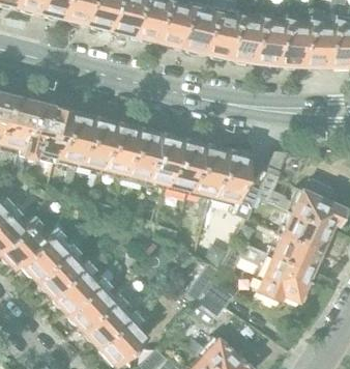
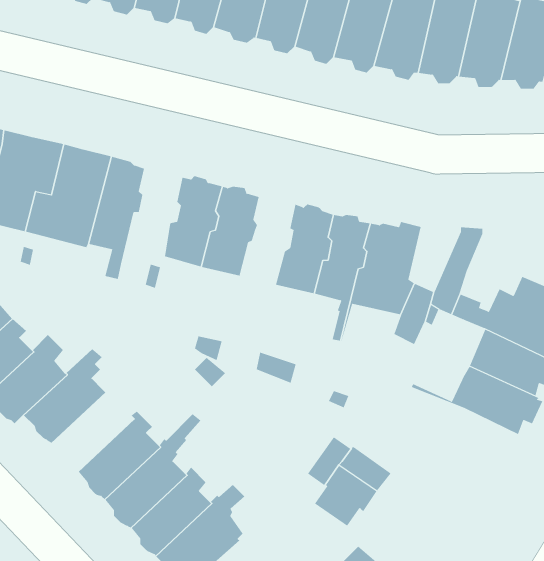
building: [82,116,115,169] -> none
building: [149,133,181,186] -> none
building: [38,228,95,295] -> none
building: [244,246,313,302] -> none

